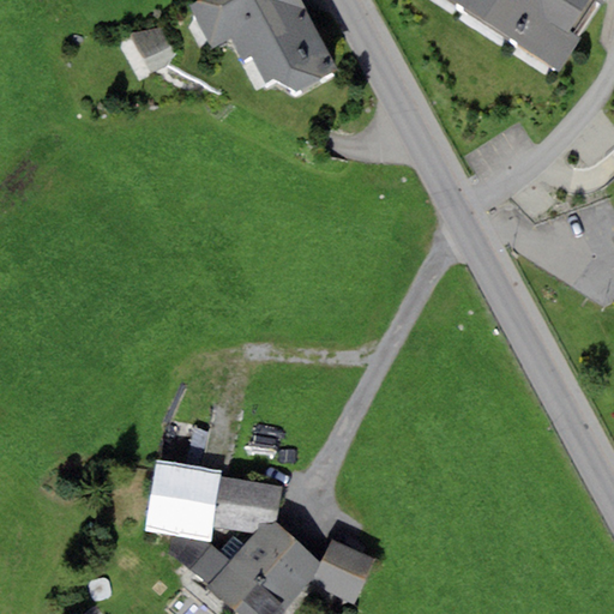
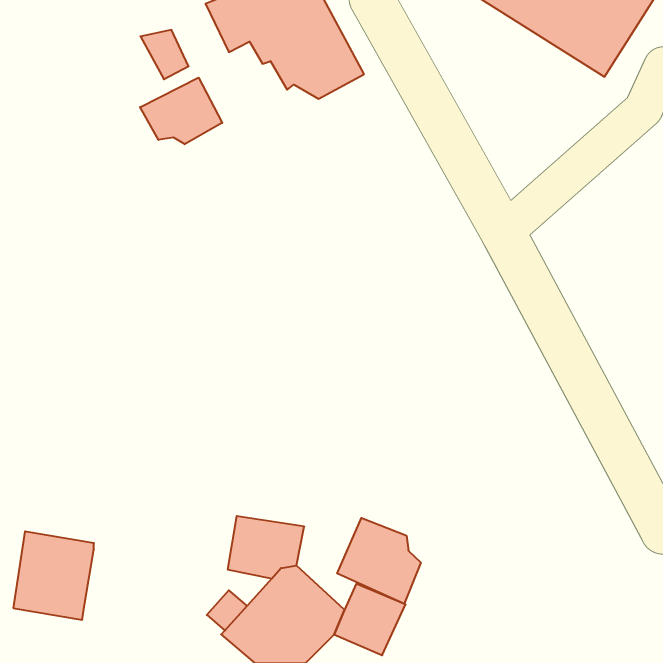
building: none -> [140,78,222,144]
building: [144,459,218,541] -> [13,531,94,620]
building: none -> [337,518,421,604]

